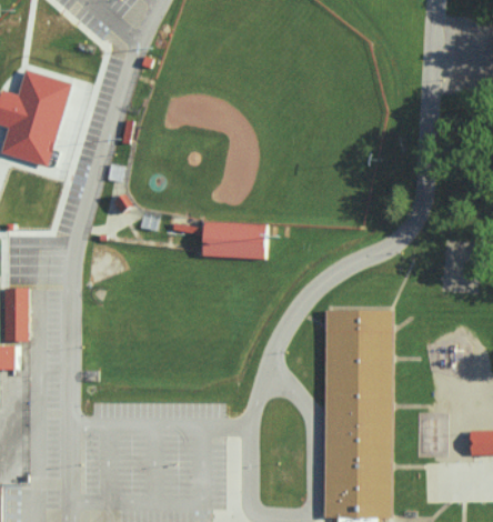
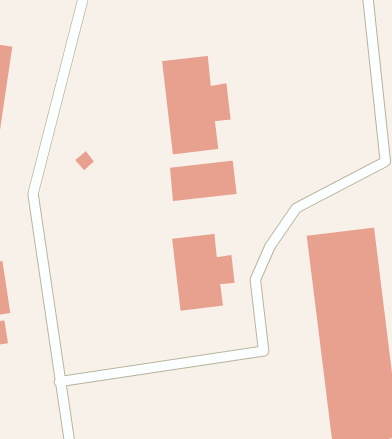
building: none -> [161,55,231,155]
building: none -> [172,233,235,311]

